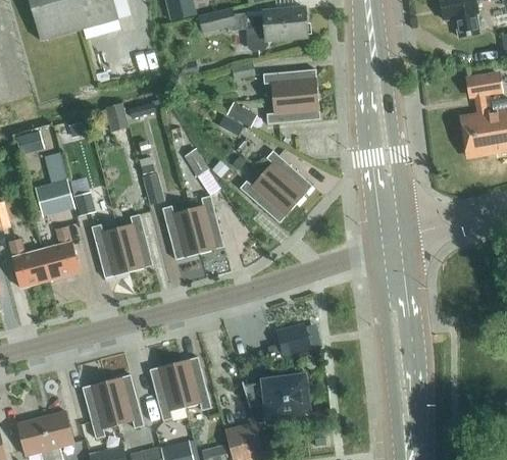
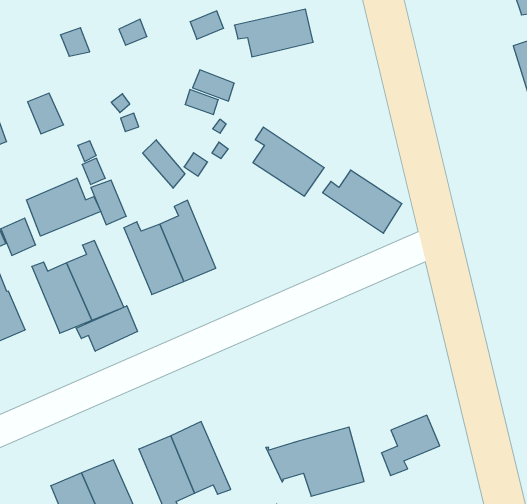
building: [266,94,319,123] -> none
building: none -> [27,178,101,236]
building: [239,174,295,223] -> [323,170,402,233]
building: none -> [76,306,137,351]
building: [267,326,310,366] -> [381,415,440,476]

